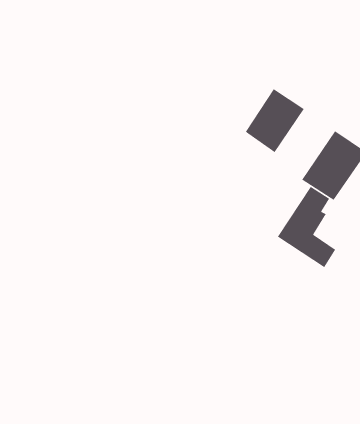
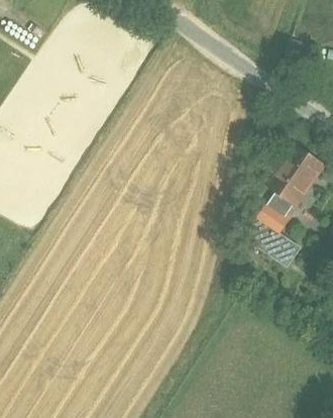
building: [245,88,305,153] -> none

